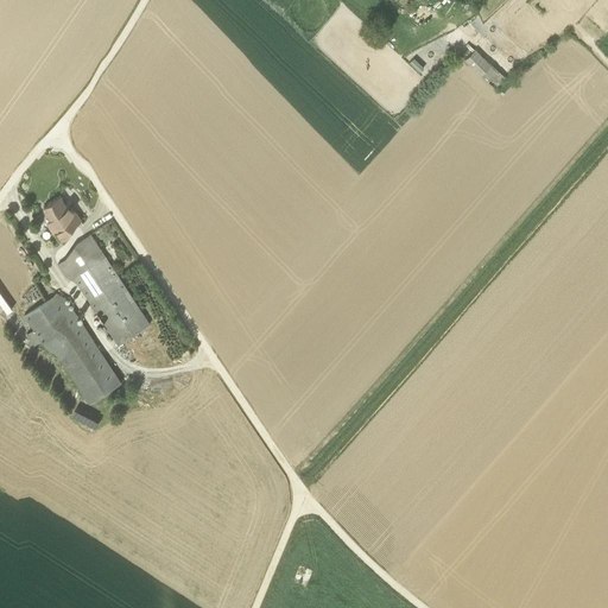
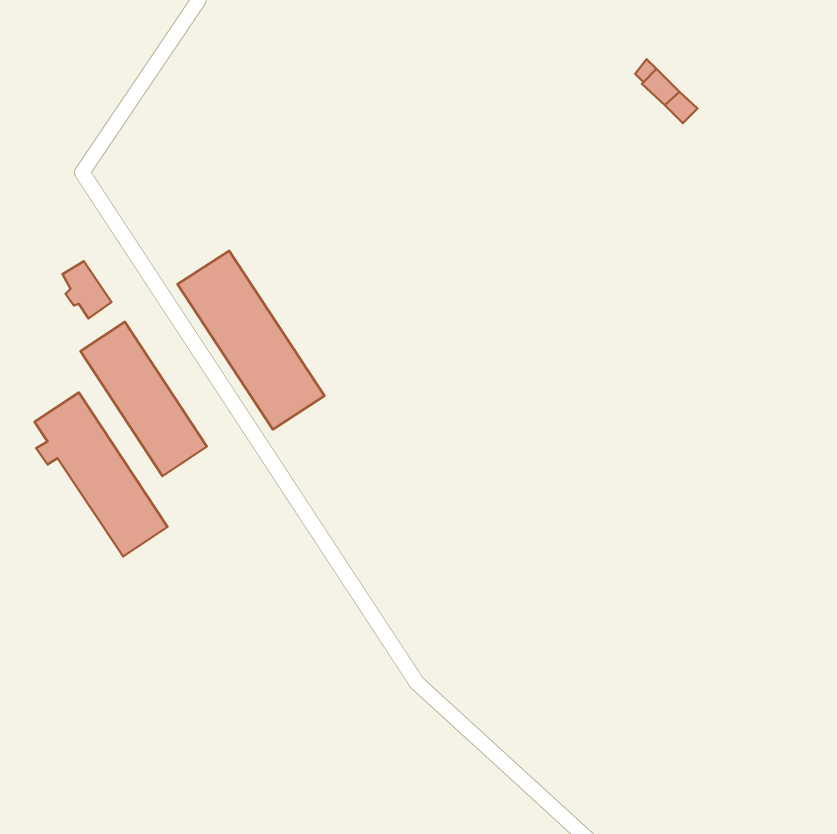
building: none -> [177,251,324,429]

